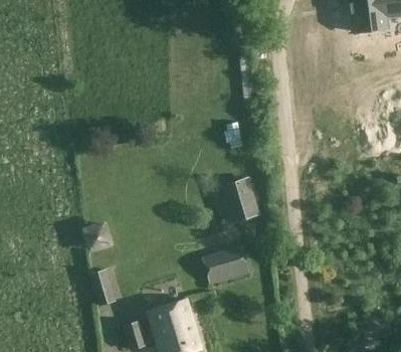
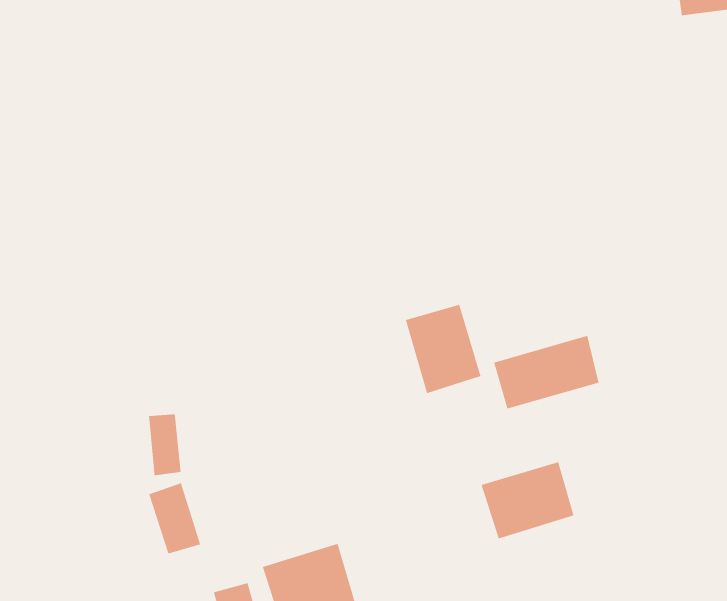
building: none -> [493,335,599,410]
building: [202,244,250,285] -> [481,461,575,539]

